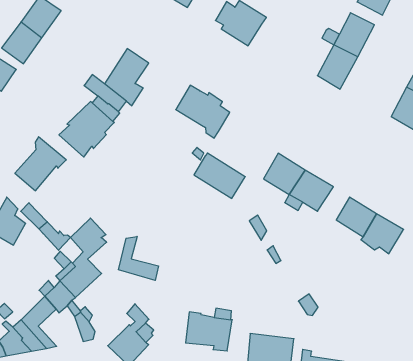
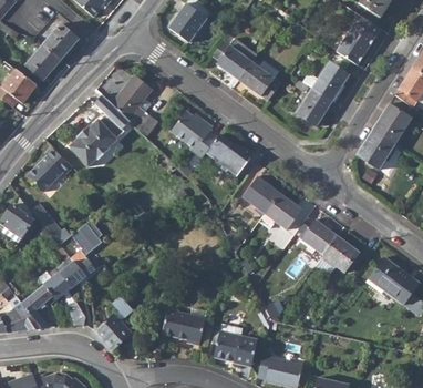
building: none -> [239,64,281,102]
building: [194,153,245,198] -> [207,136,251,177]
building: [118,236,158,280] -> none

